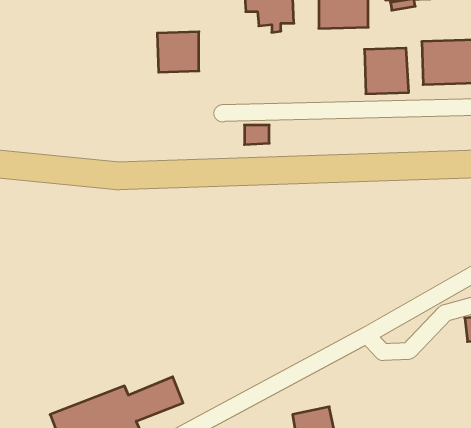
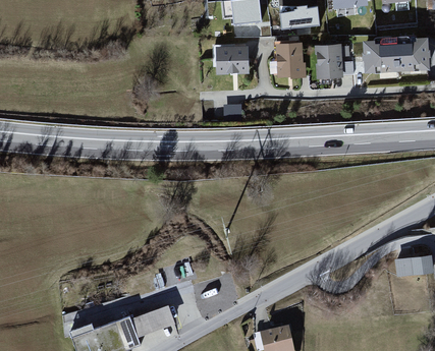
building: [157,32,199,72] -> [215,44,248,75]
building: none -> [273,42,304,79]

